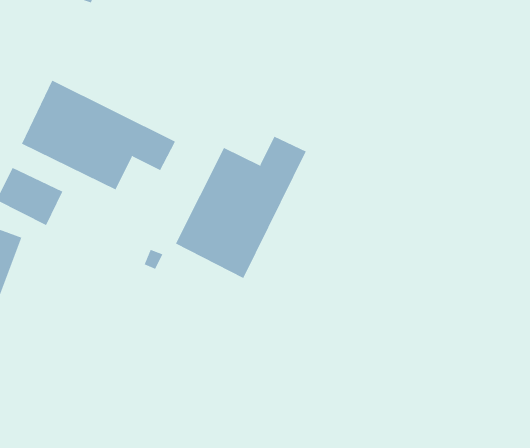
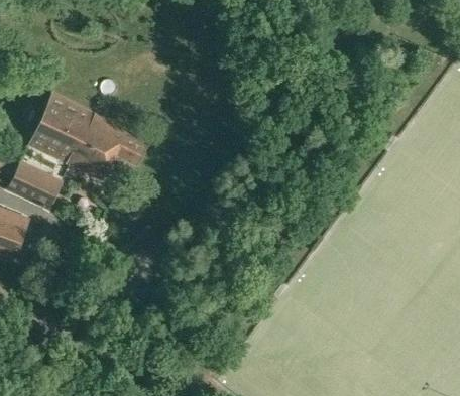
building: [175,136,307,279] -> none

